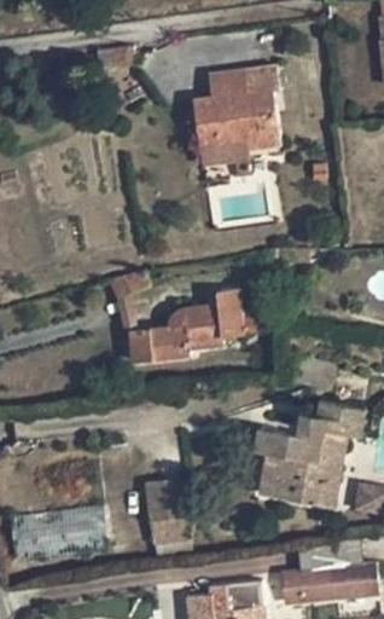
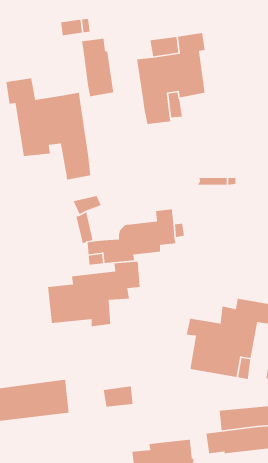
building: none -> [81,38,114,97]
building: none -> [6,78,91,180]
building: none -> [47,261,141,327]
building: [146,482,186,520] -> none

